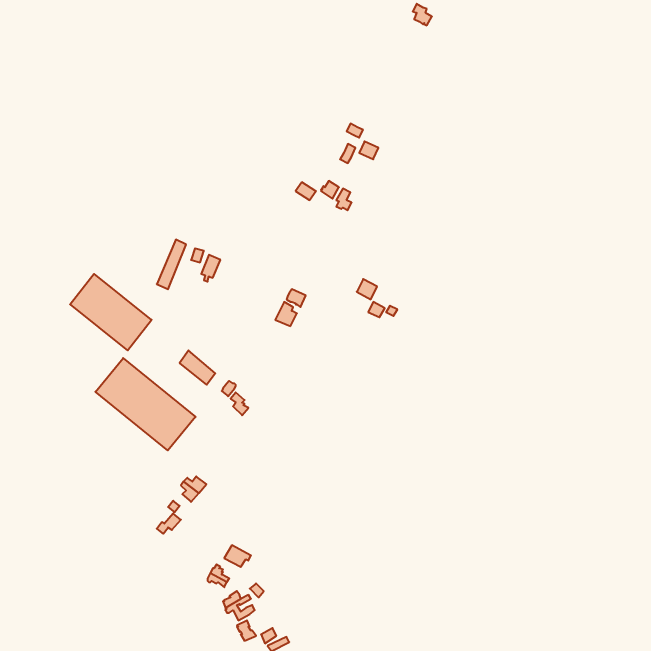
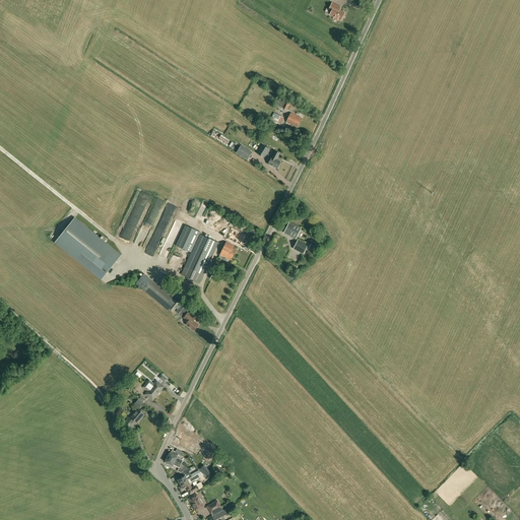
building: none -> [178,225,218,283]
building: [95,358,196,450] -> none

